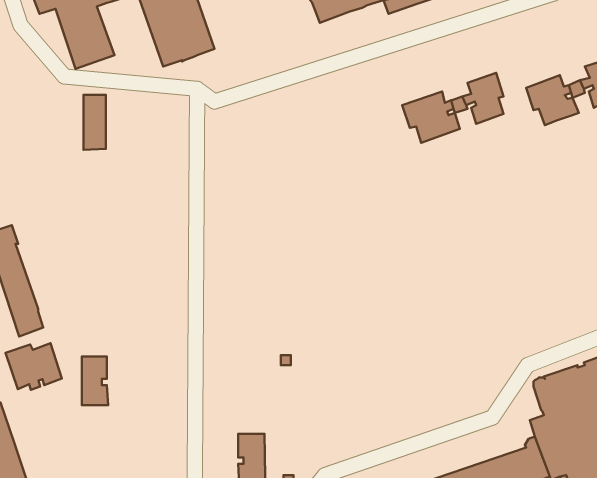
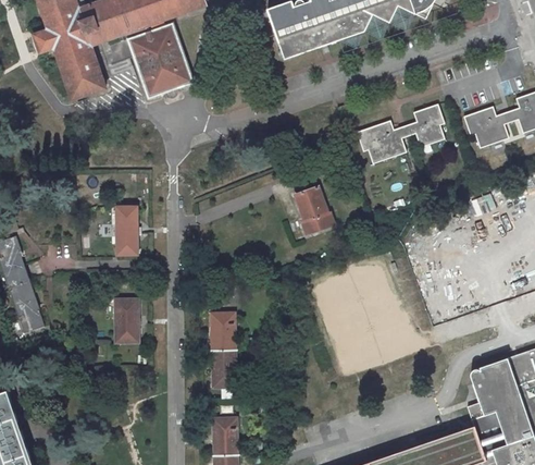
building: [83,95,106,150] -> [116,207,136,255]
building: none -> [295,186,334,234]
building: none -> [211,314,235,388]
building: [6,343,62,390] -> none
building: [82,356,108,405] -> [115,299,138,342]

